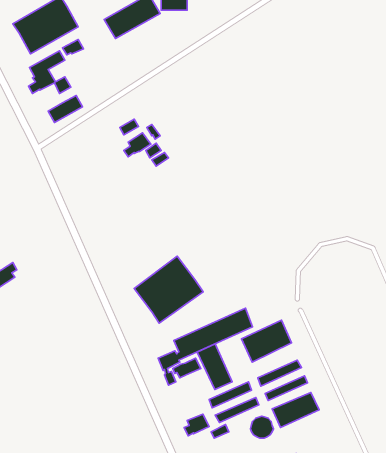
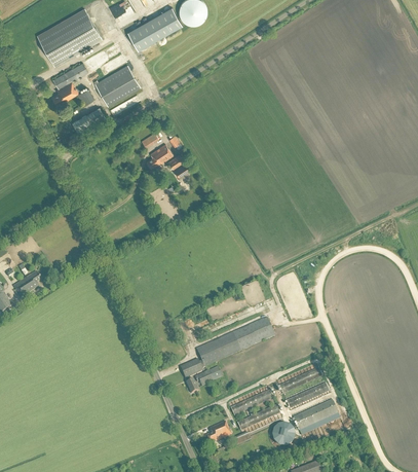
building: none -> [94,64,140,105]
building: [134,256,203,323] -> none
building: [241,320,292,362] -> none
building: [197,344,232,389] -> none

